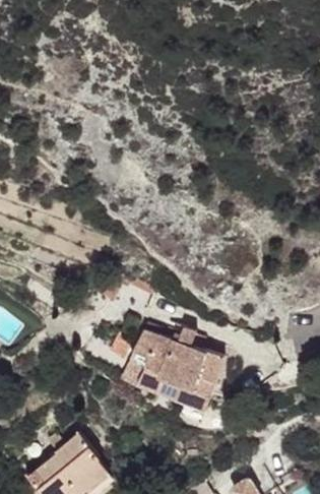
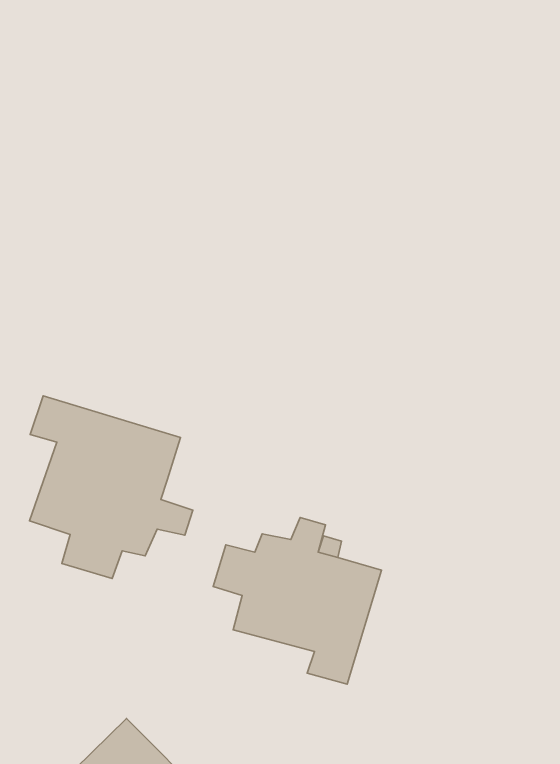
building: none -> [29,396,193,578]

